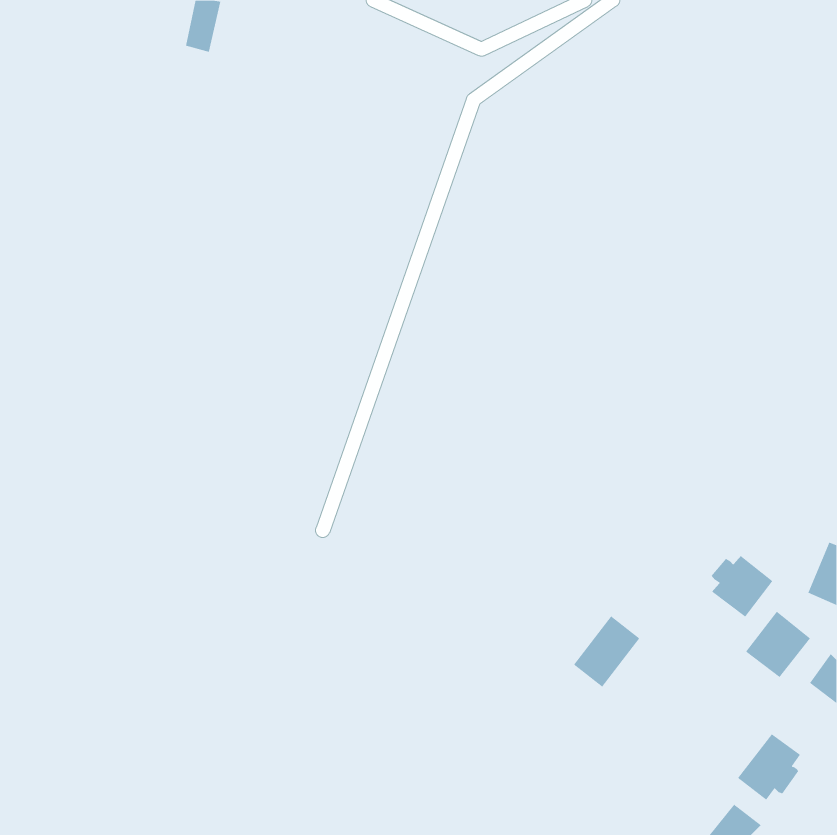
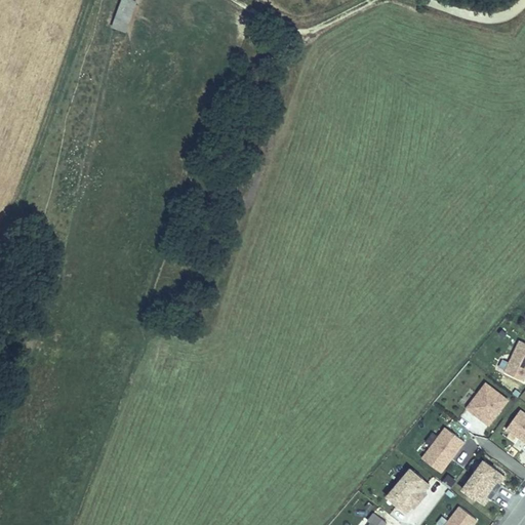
building: [711,555,773,618] -> none
building: [573,616,640,688] -> [421,428,463,473]
building: none -> [387,469,428,511]

